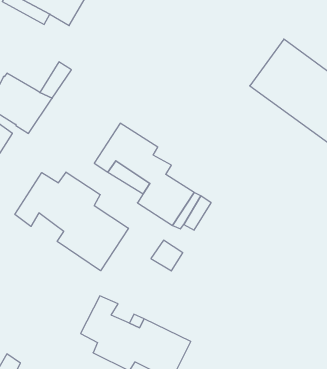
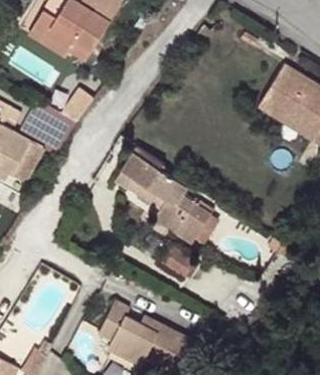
building: [15,172,128,271] -> none

